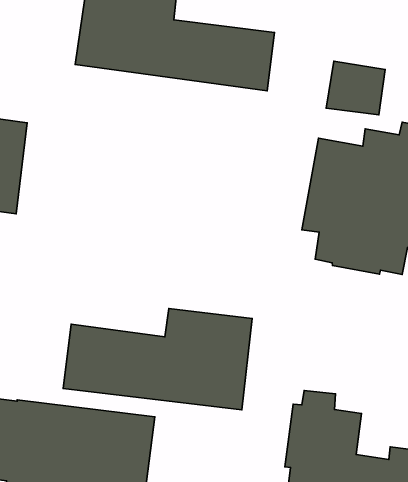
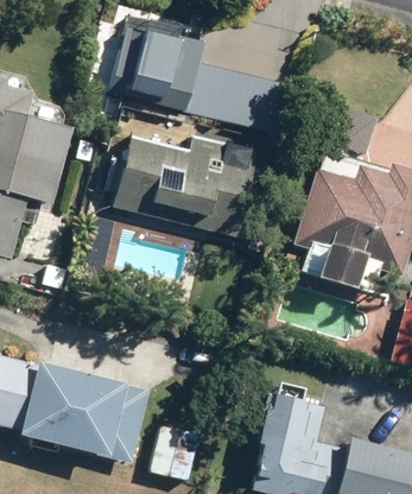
building: none -> [112,134,258,236]
building: [63,309,252,410] -> none

